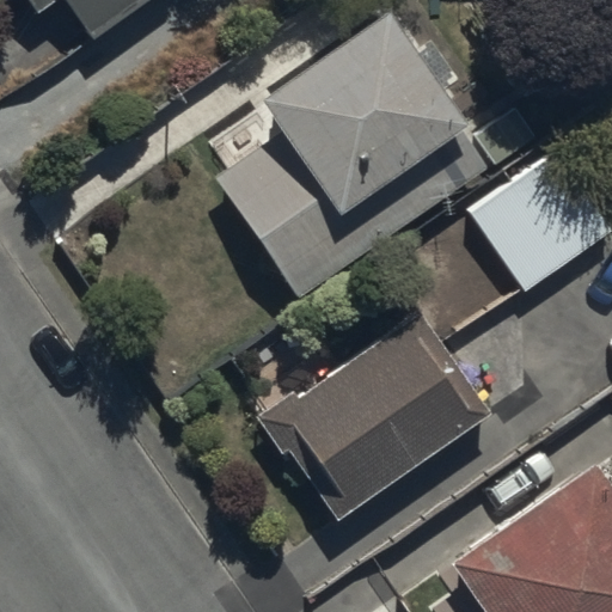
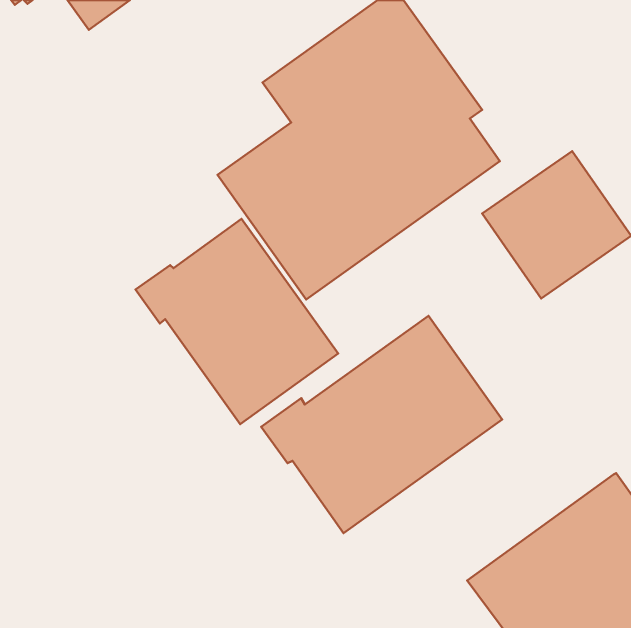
building: none -> [135,219,338,424]

